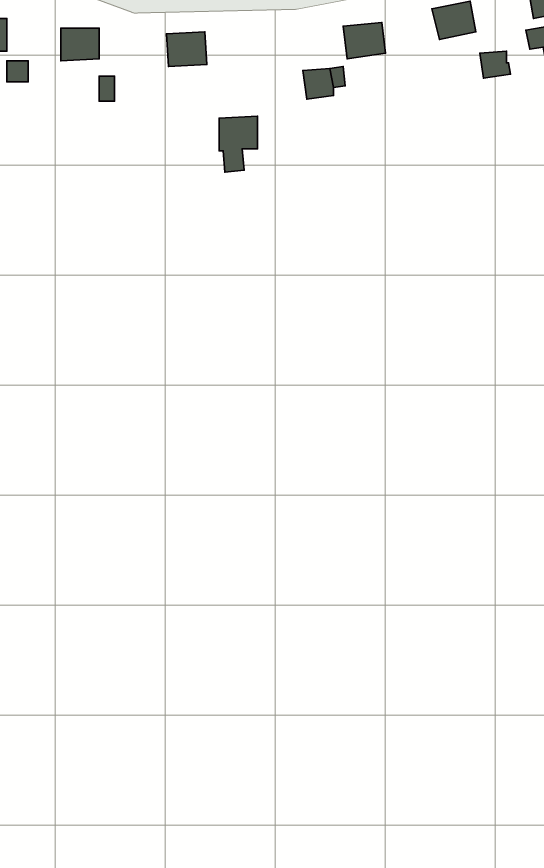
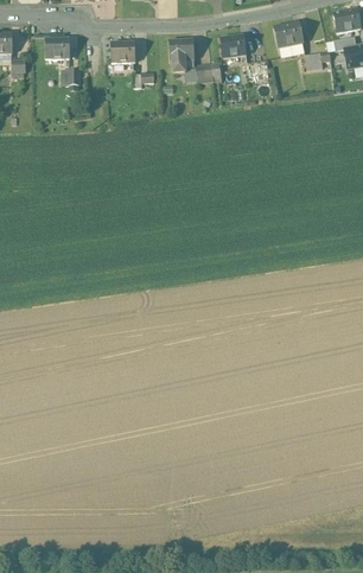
building: [219,116,258,172] -> [170,39,193,74]

